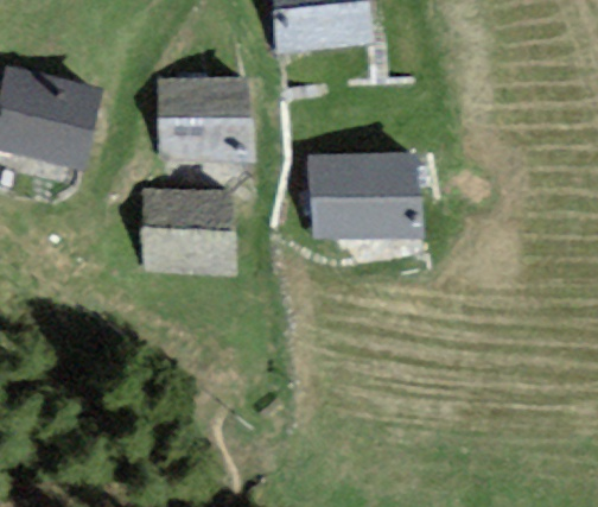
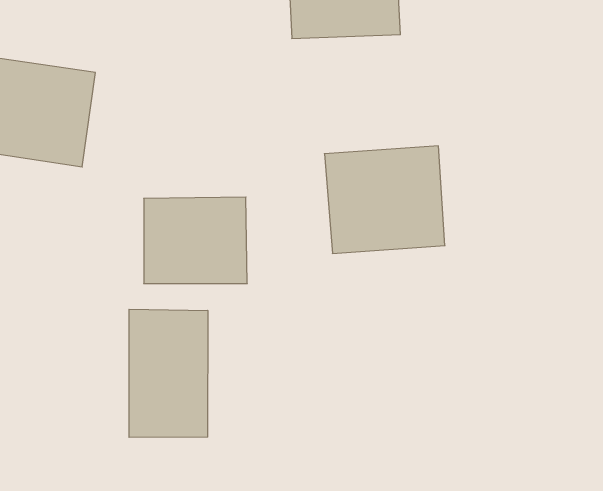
building: [155,77,250,159] -> none
building: none -> [129,309,208,437]

